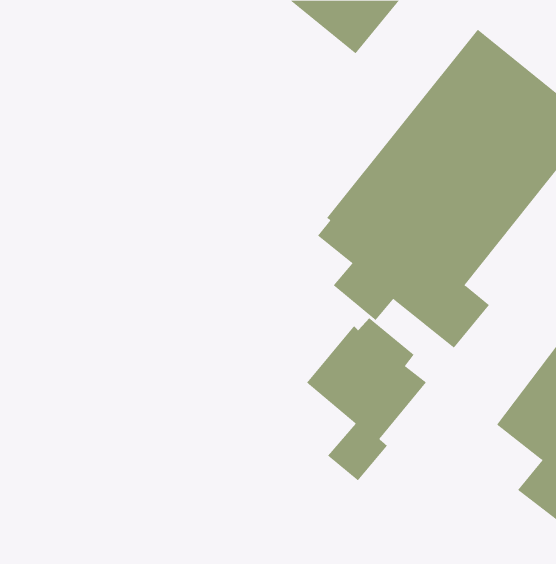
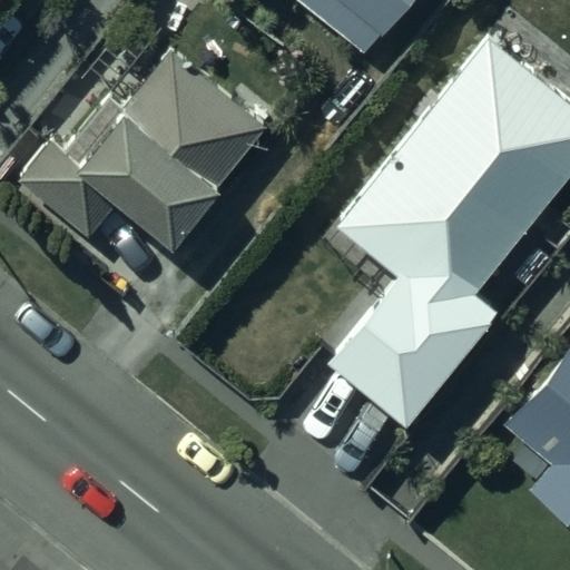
building: none -> [80,55,267,245]

